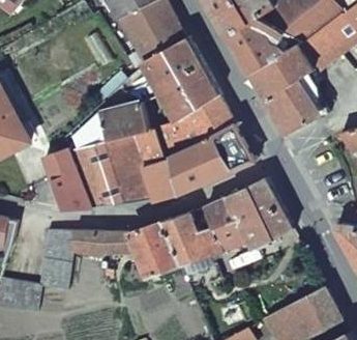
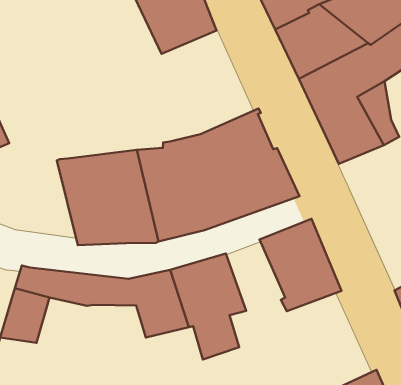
building: [142,38,218,119] -> none
building: [73,101,153,145] -> none
building: [42,147,89,210] -> none
building: [202,196,249,251] -> none

